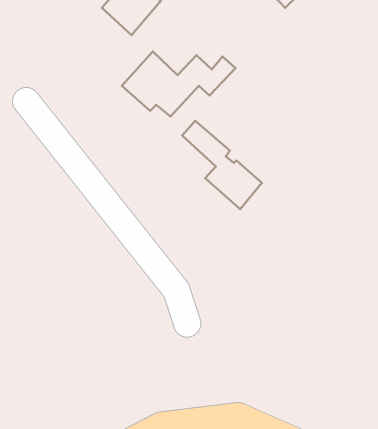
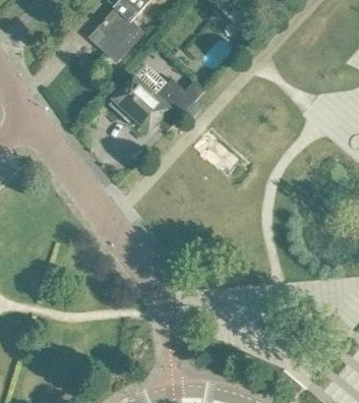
building: [182,121,262,209] -> none

